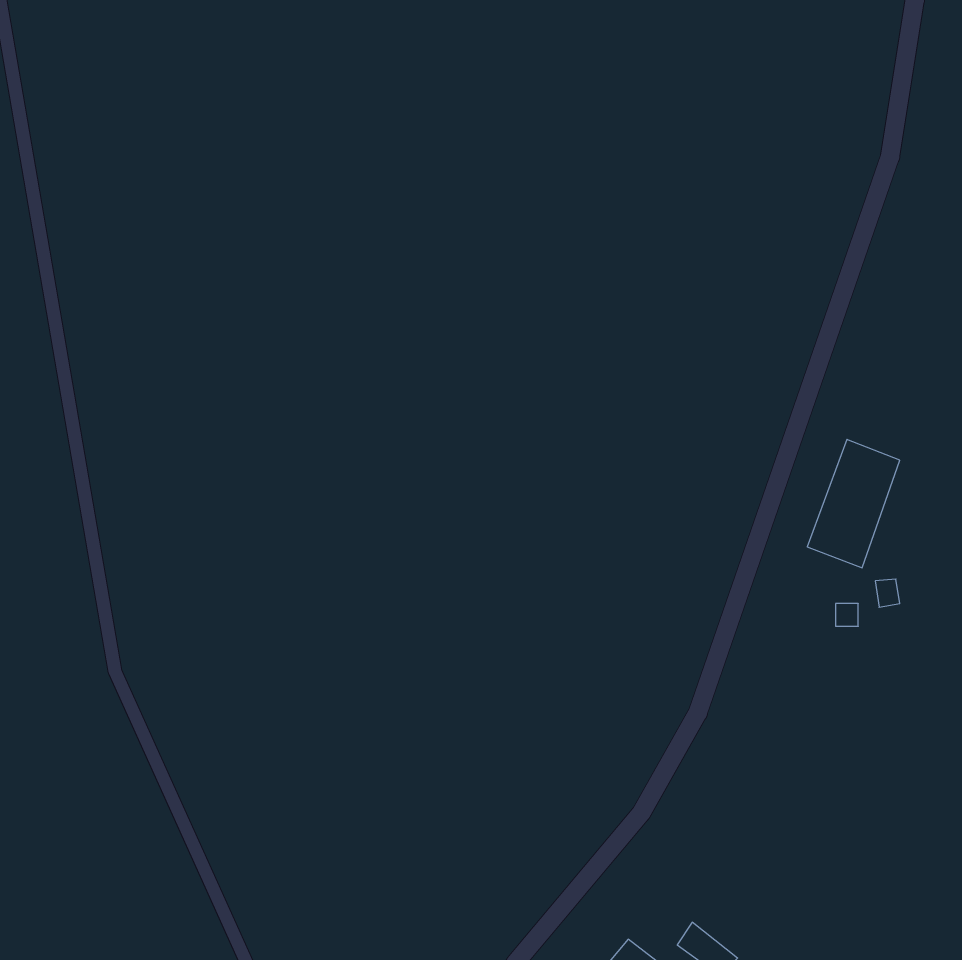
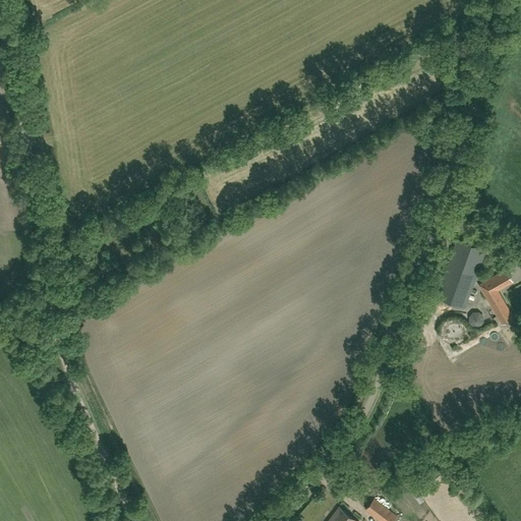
building: none -> [480,272,511,325]

